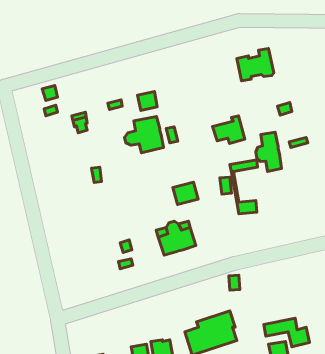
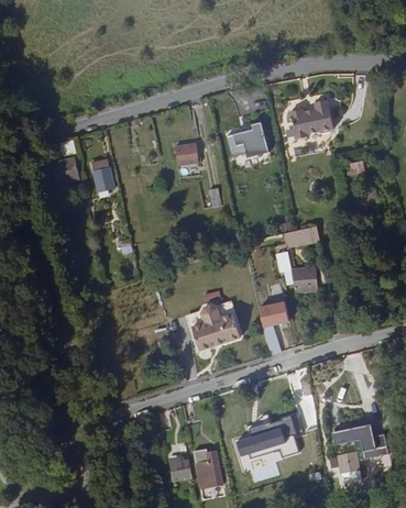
building: [213,116,245,144] -> [227,123,266,157]
building: [125,116,164,153] -> none
building: [256,132,282,171] -> none
building: [173,182,198,205] -> [257,300,288,328]

